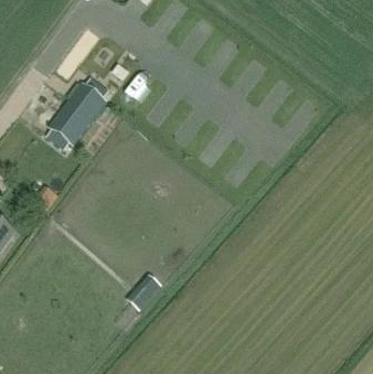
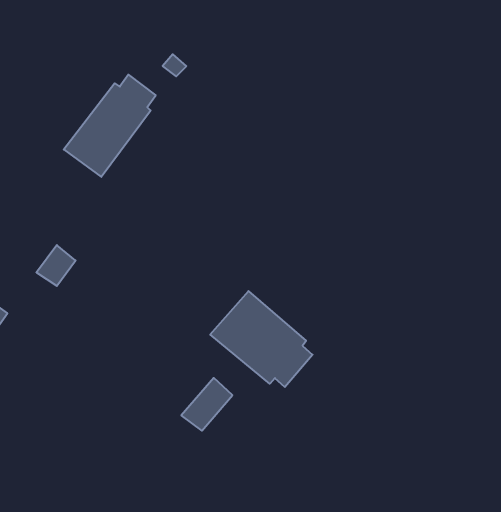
building: none -> [210,291,313,387]

